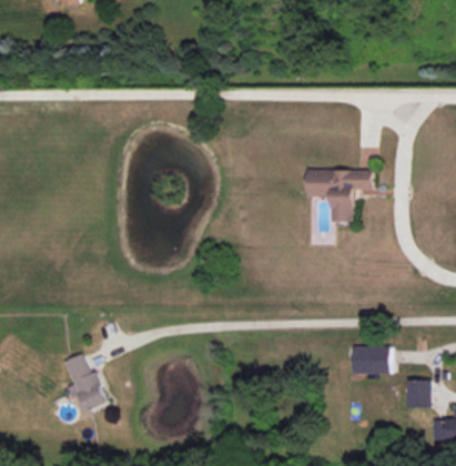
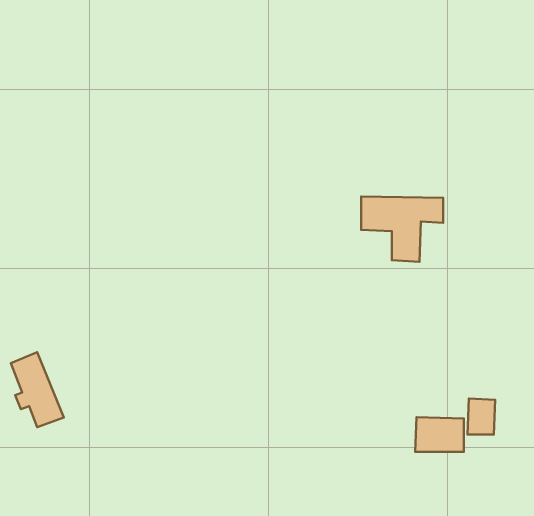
building: [63,352,105,412] -> [11,352,64,427]
building: [407,378,429,407] -> [467,399,495,435]

